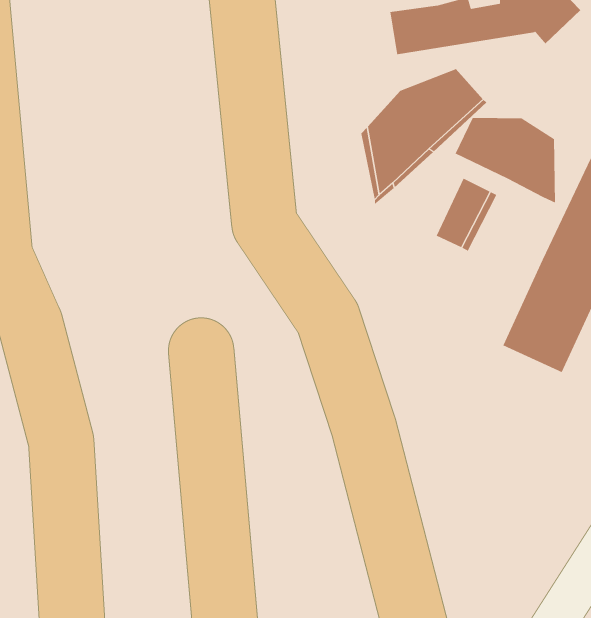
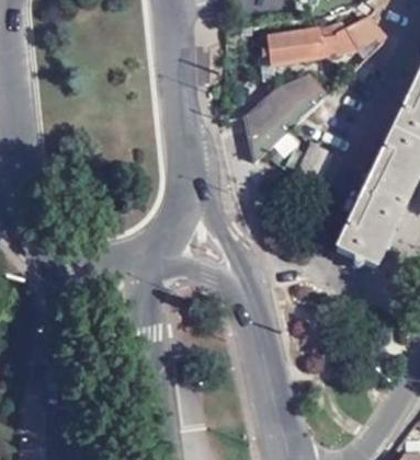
building: [455,117,555,203] -> none

